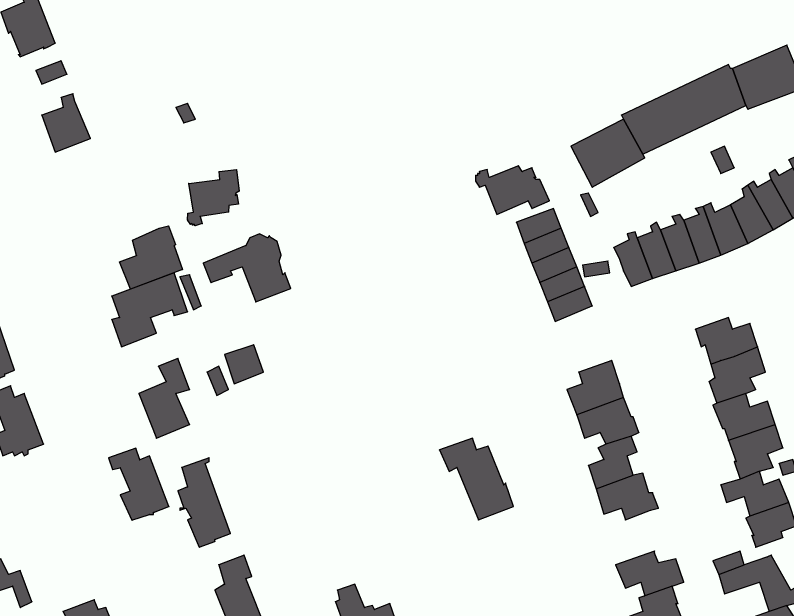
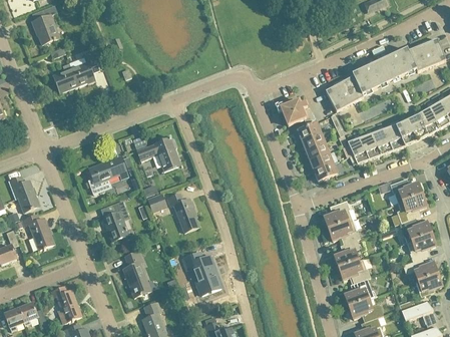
building: none -> [69,50,97,86]
building: [188,170,239,226] -> none
building: [119,226,182,289] -> none
building: none -> [166,193,198,232]
building: [439,438,513,520] -> [181,252,219,294]
building: [109,448,169,520] -> [50,286,81,323]
building: none -> [344,278,376,306]

